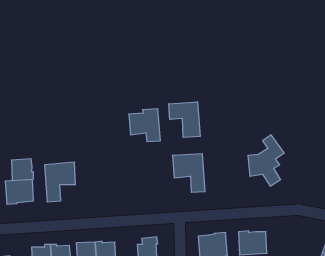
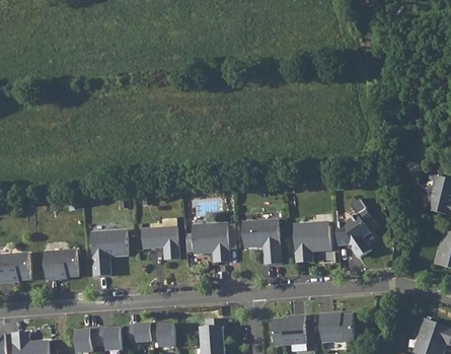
building: [169,102,200,137] -> none
building: [129,109,160,142] -> [193,223,230,262]
building: none -> [294,222,333,262]
building: [12,159,33,181] -> none
building: none -> [142,226,179,260]

